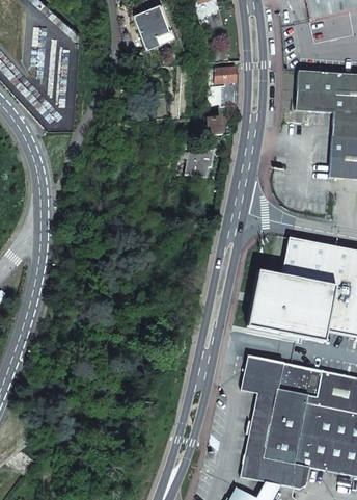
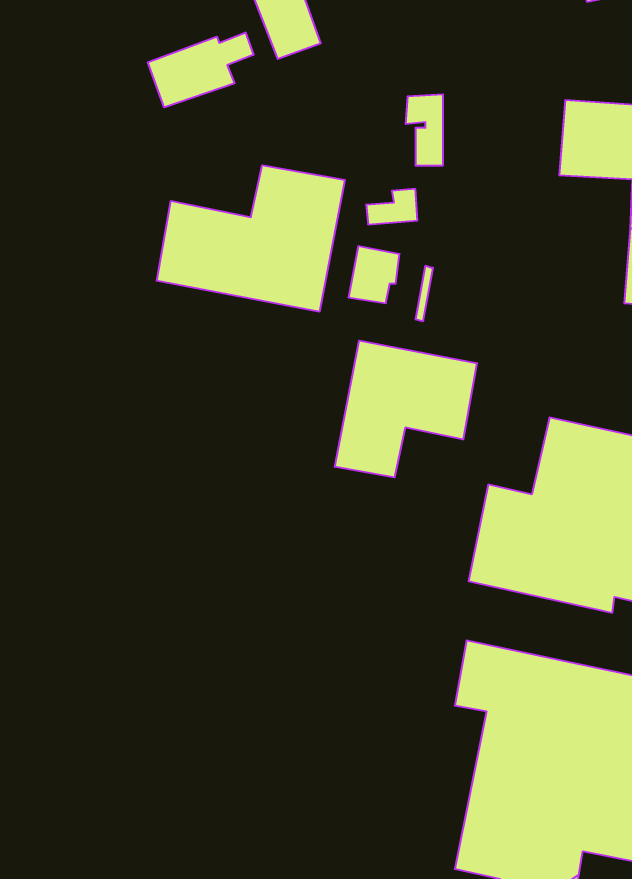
building: none -> [148,32,254,107]
building: none -> [157,165,345,312]
building: none -> [335,341,477,477]

